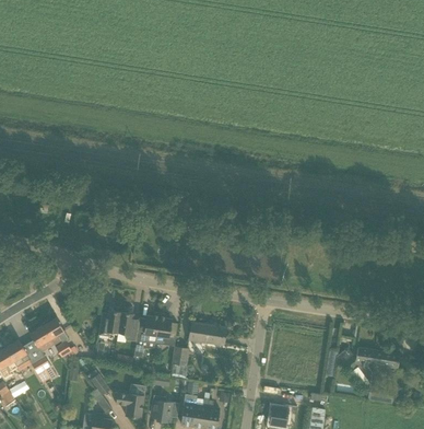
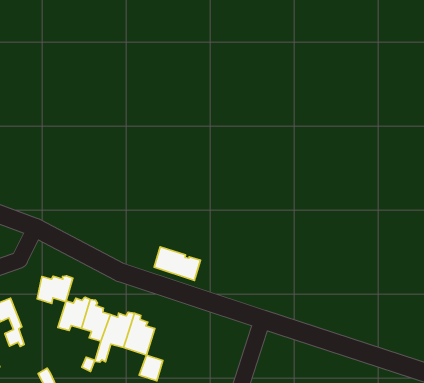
building: none -> [37,276,73,303]
building: [188,323,225,346] -> [154,247,201,280]

